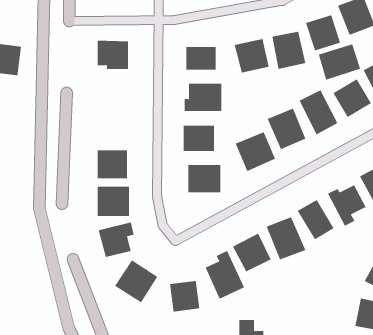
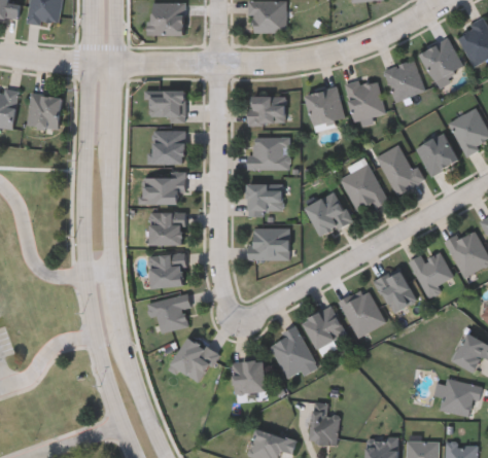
building: [318,44,361,81] -> none
building: none -> [151,131,185,163]
building: none -> [142,173,184,204]

